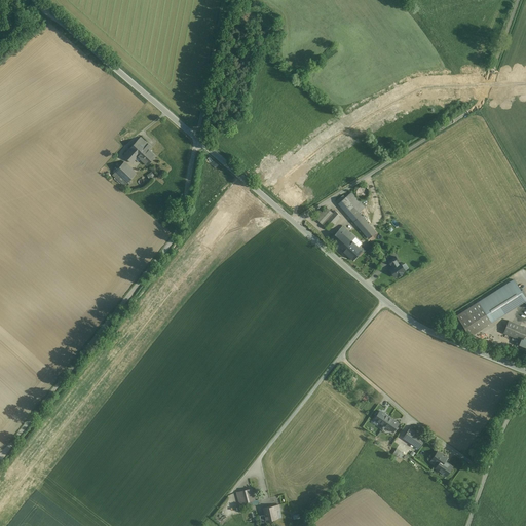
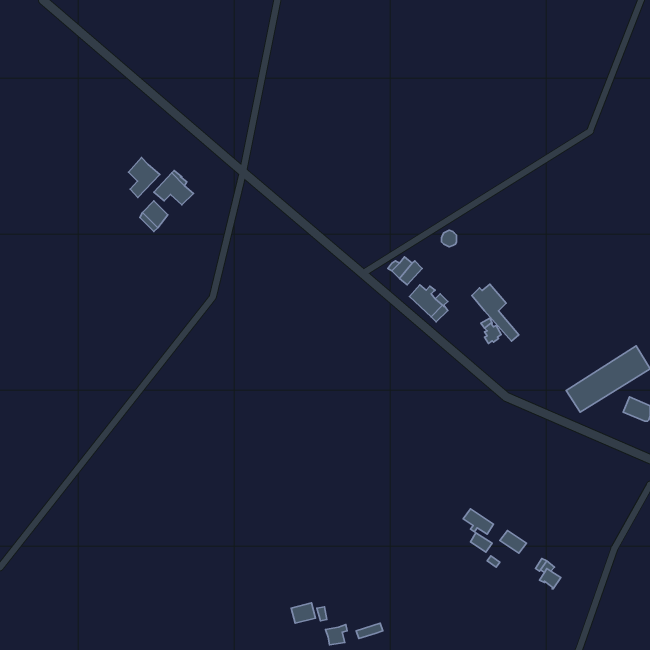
building: none -> [128,157,160,198]
building: [337,192,375,238] -> [472,284,519,341]

